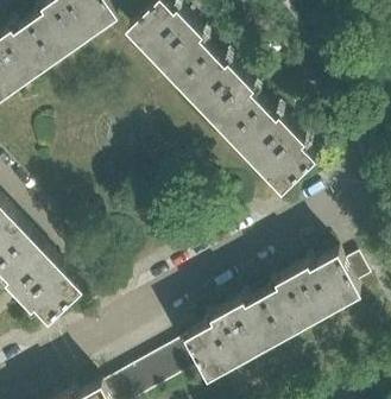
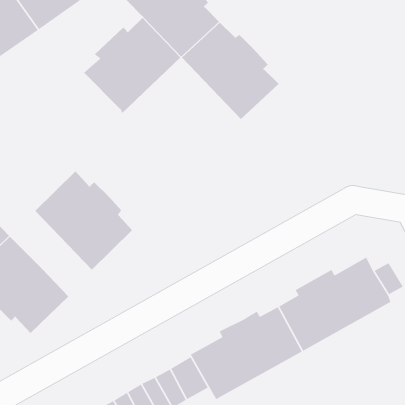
building: none -> [83,17,181,114]
building: [227,108,311,194] -> none
building: none -> [34,170,133,271]

